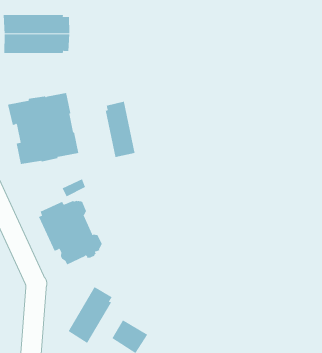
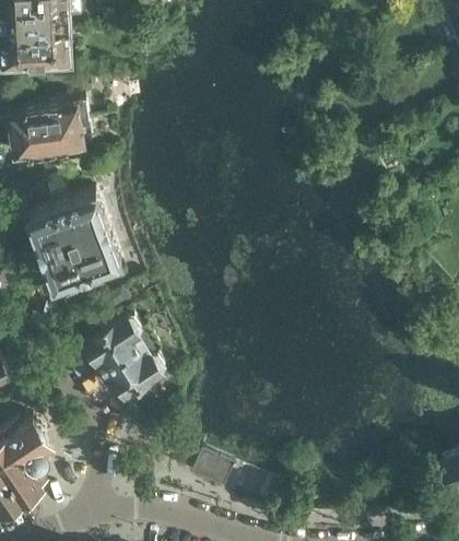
building: [105,101,135,158] -> none
building: [68,286,112,344] -> none

